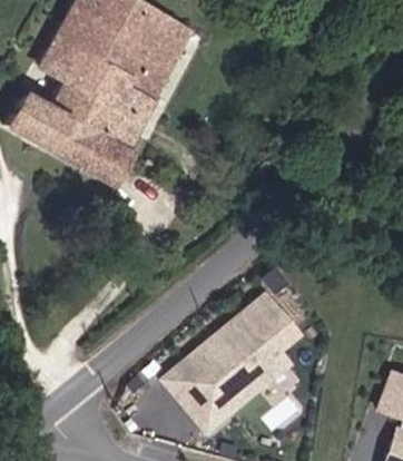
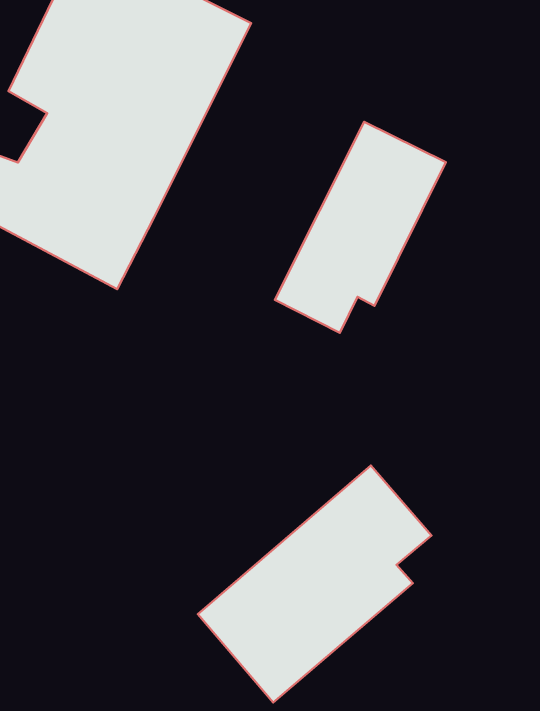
building: none -> [275,122,446,333]

